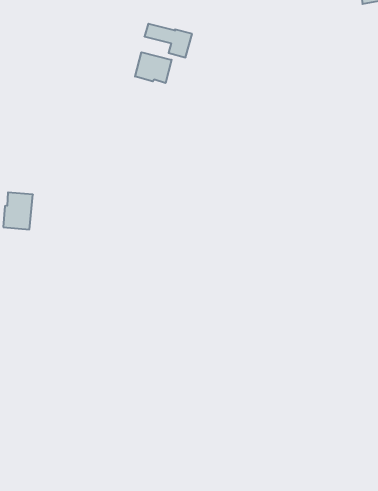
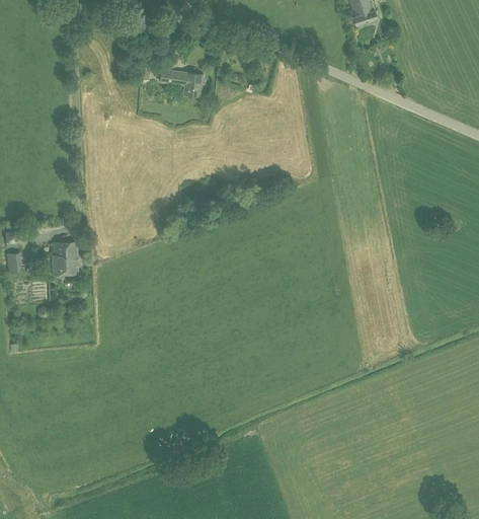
building: [135,52,172,83] -> none

